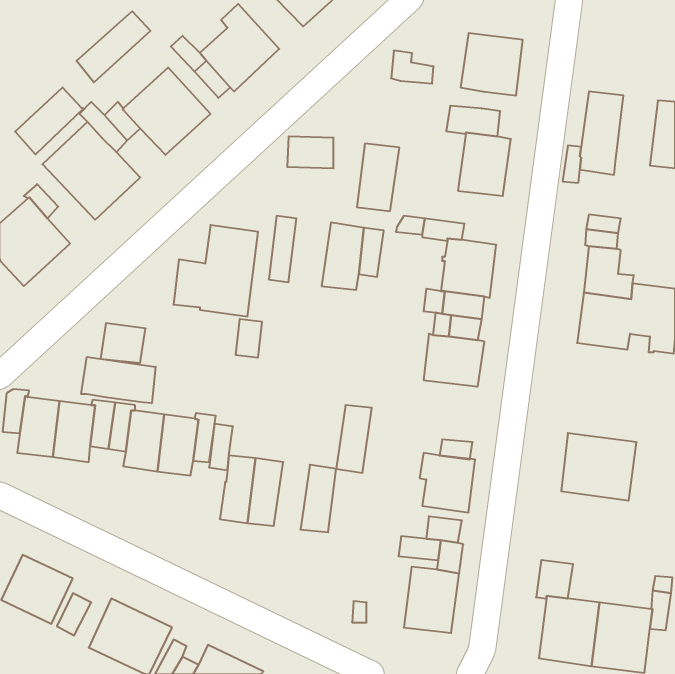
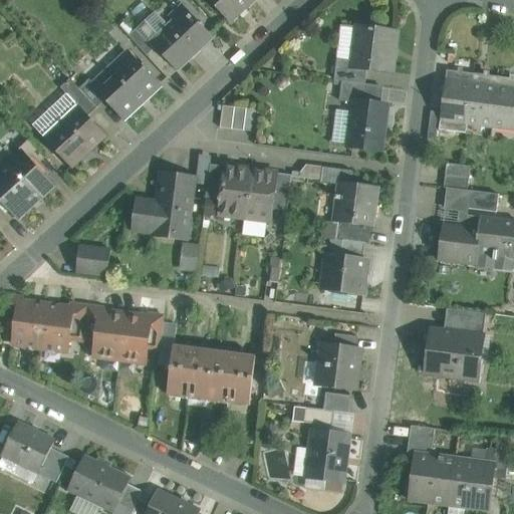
building: [76,11,150,82] -> none
building: [391,51,434,84] -> [334,57,366,82]
building: [15,87,84,154] -> none
building: none -> [467,72,499,125]
building: [357,144,399,211] -> [219,166,251,217]
building: none -> [469,190,499,211]
building: [81,357,156,403] -> none
building: [336,405,372,473] -> [208,350,235,402]
building: none -> [444,308,486,335]

